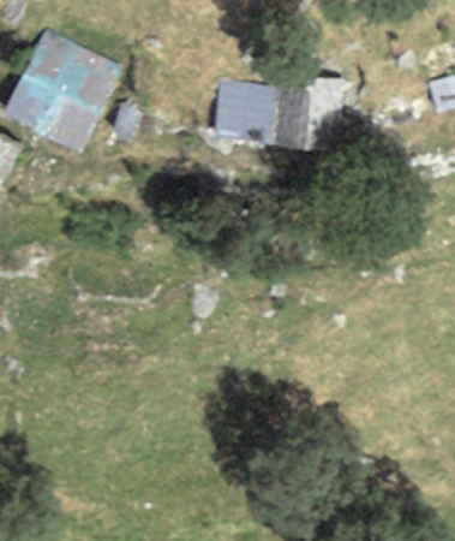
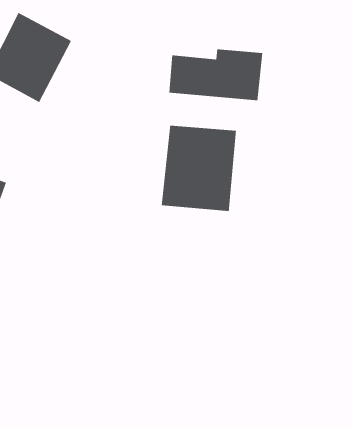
building: none -> [161,125,237,212]

